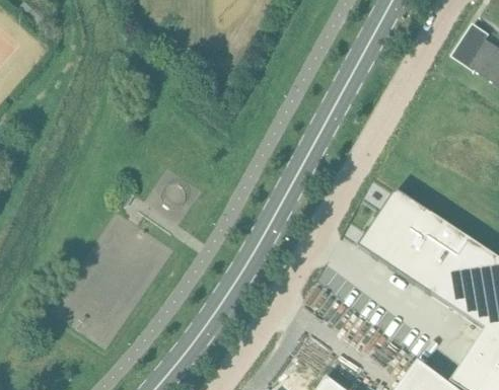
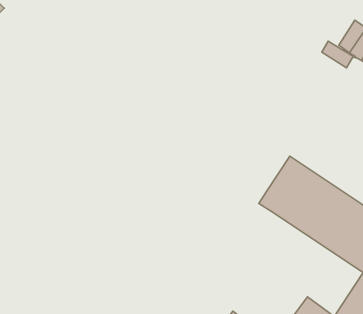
building: none -> [322,41,355,68]

